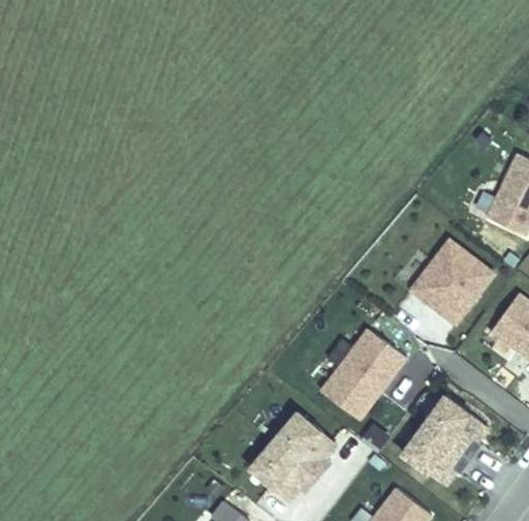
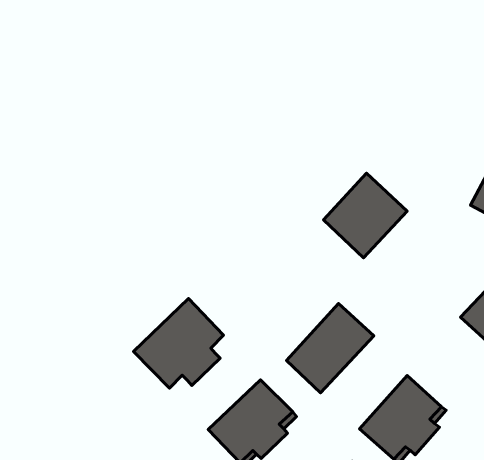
building: [410,240,493,325] -> [324,173,407,258]
building: none -> [133,298,224,388]

